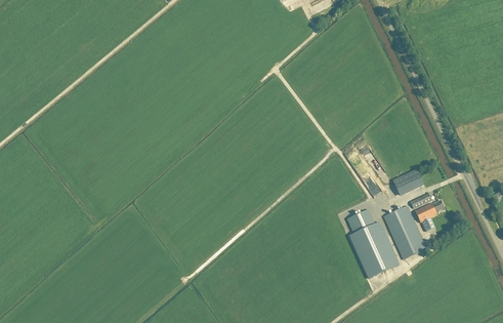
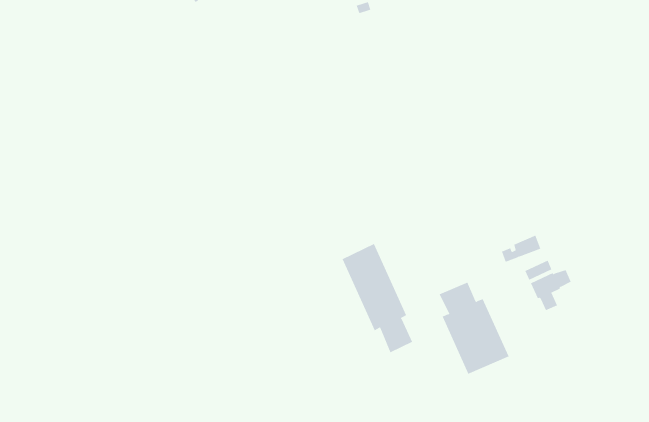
building: none -> [342,243,413,353]
building: [383,206,426,260] -> none

